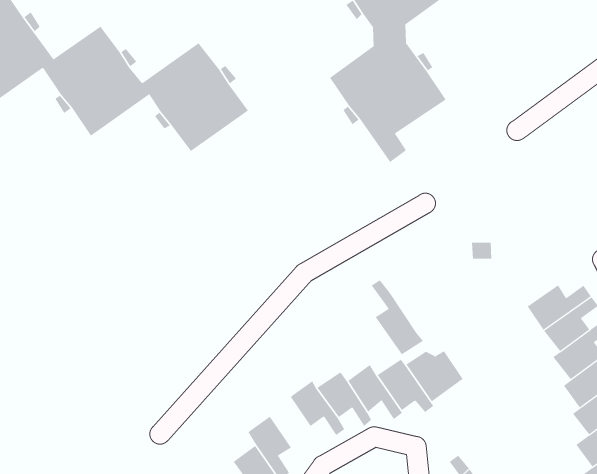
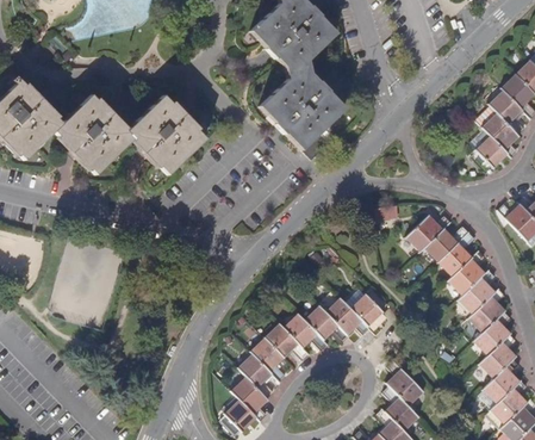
building: none -> [406,215,450,252]
building: [371,279,424,355] -> none
building: none -> [251,337,287,382]

